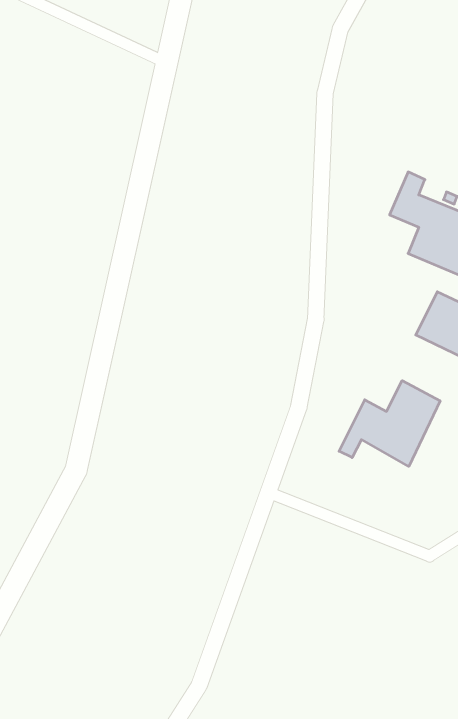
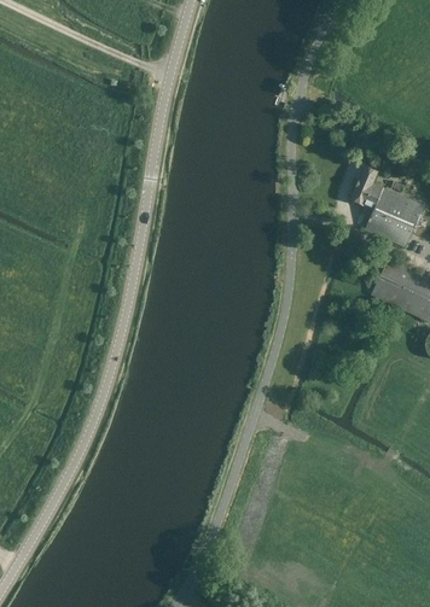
building: [339,381,440,466] -> none

